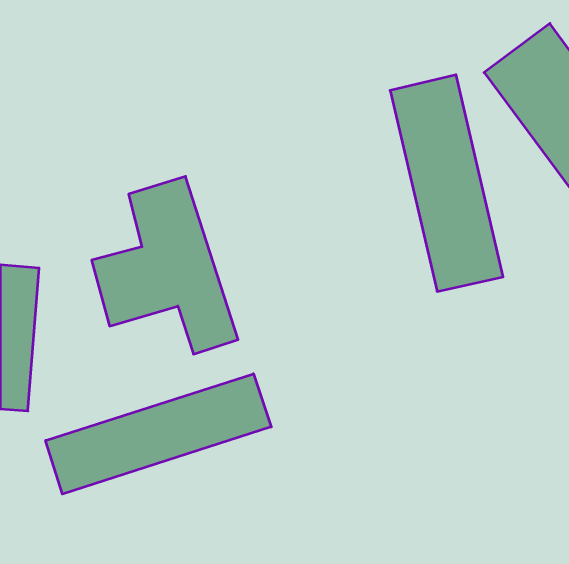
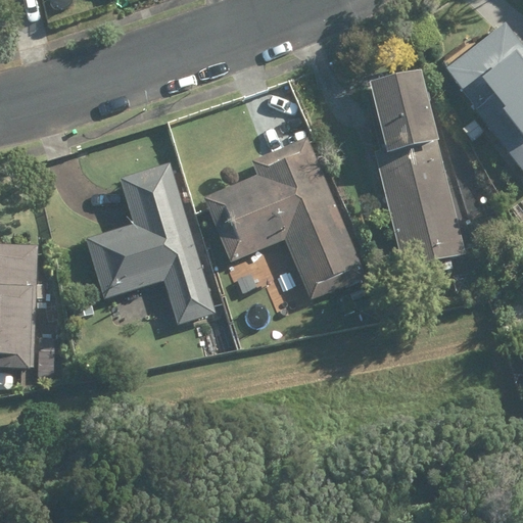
building: none -> [207,138,371,326]
building: [46,374,271,494] -> none

